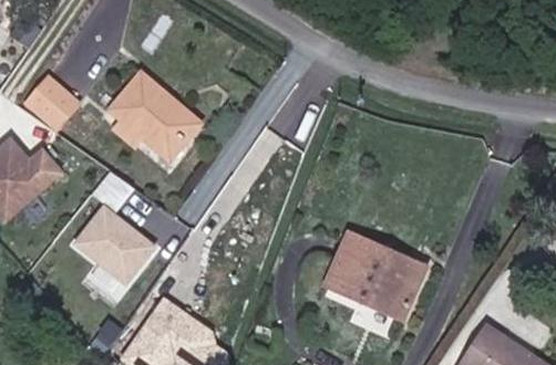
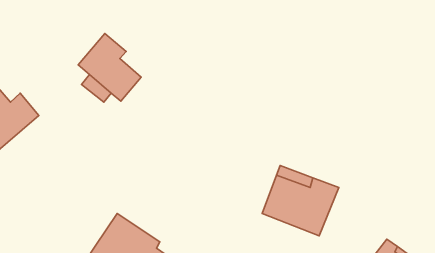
building: [22,73,75,124] -> none
building: [69,202,156,285] -> none

